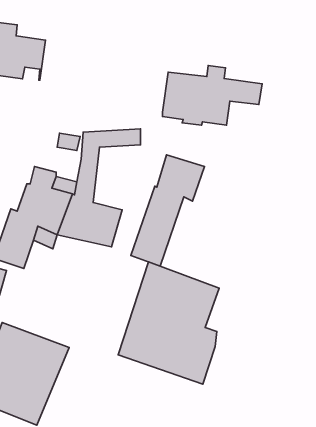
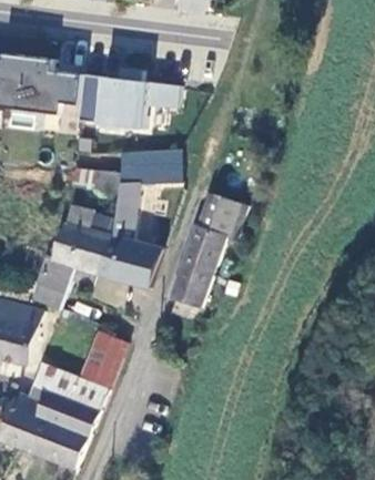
building: [163,66,262,125] -> [78,68,180,129]
building: [118,262,219,384] -> none
building: none -> [81,331,128,385]

